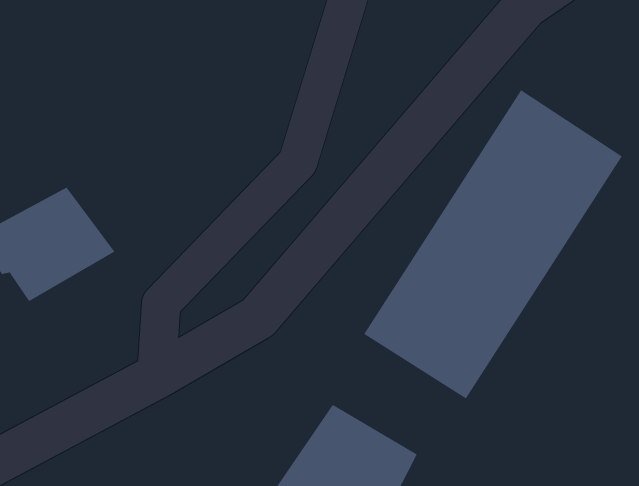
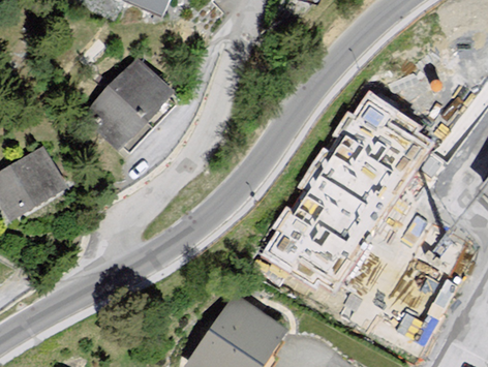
building: none -> [96,63,188,158]

